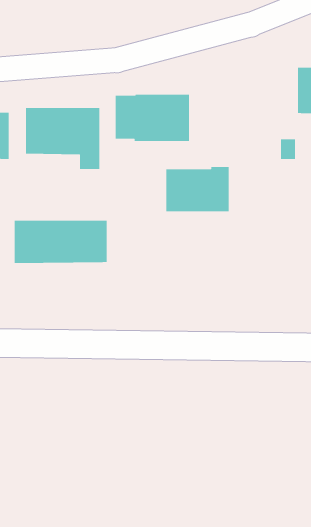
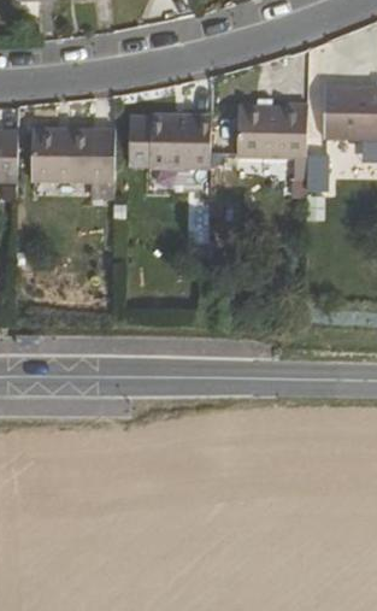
building: [166,166,229,212] -> [237,106,306,155]
building: [14,220,107,264] -> none

